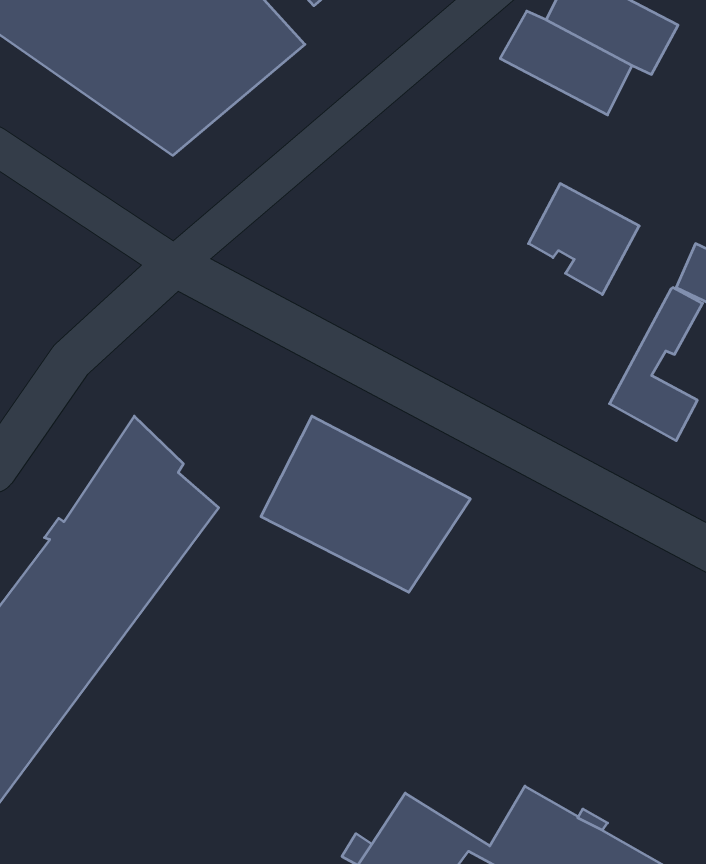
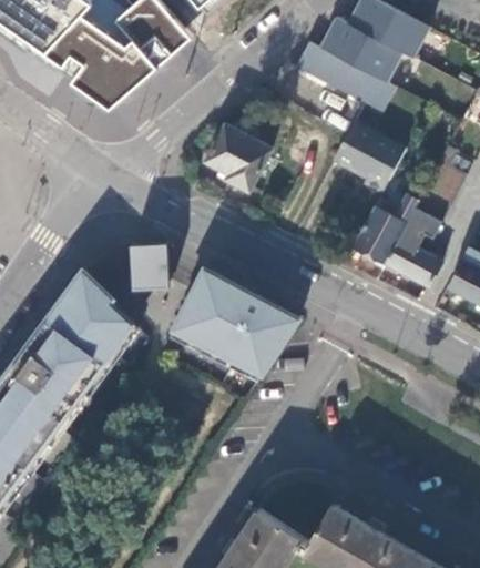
building: none -> [298,43,397,111]
building: none -> [206,126,272,192]
building: none -> [354,186,425,264]
building: none -> [129,243,167,290]

